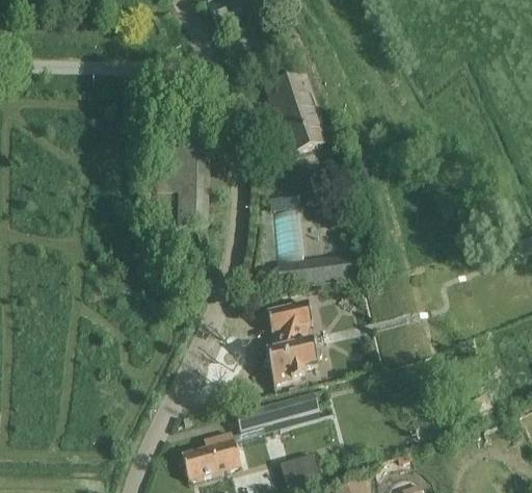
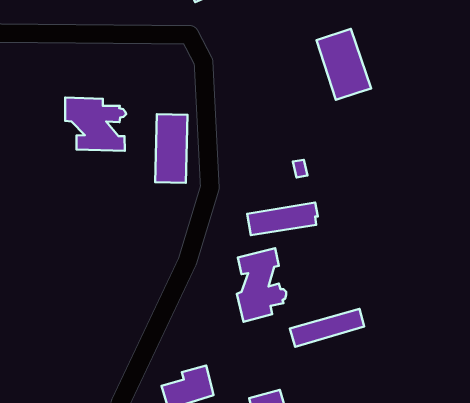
building: [266,73,327,152] -> [316,29,371,100]
building: none -> [65,98,126,151]
building: [236,390,319,433] -> [290,309,364,347]

